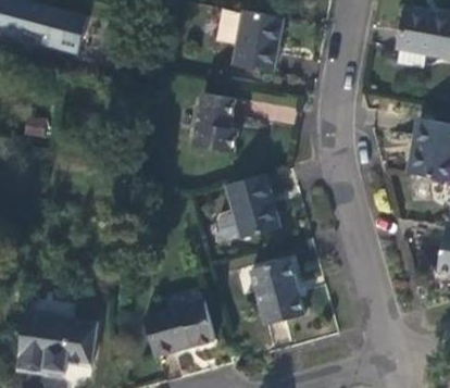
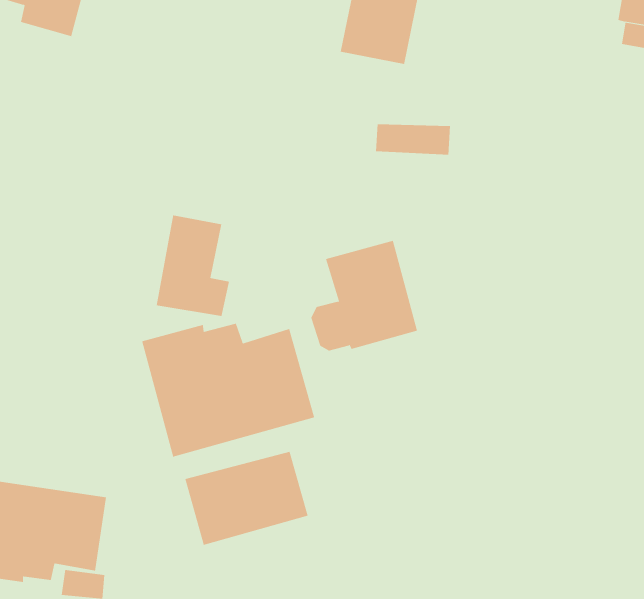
building: [193,90,237,150] -> [156,215,230,317]
building: none -> [142,323,315,458]
building: [250,256,302,321] -> none

